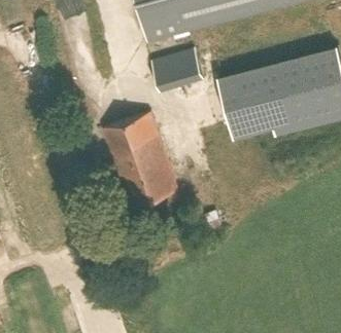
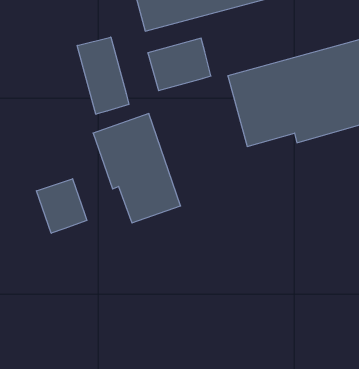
building: none -> [77,37,129,114]
building: none -> [36,179,87,233]

